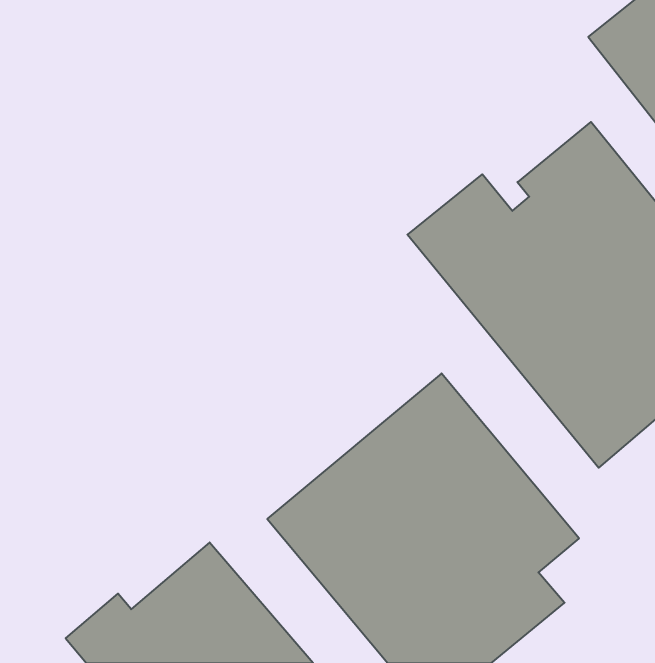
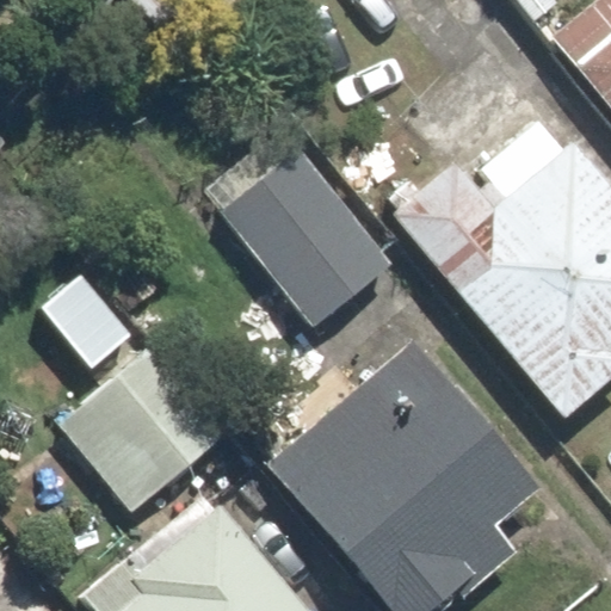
building: none -> [205,130,397,329]
building: none -> [61,344,229,513]

